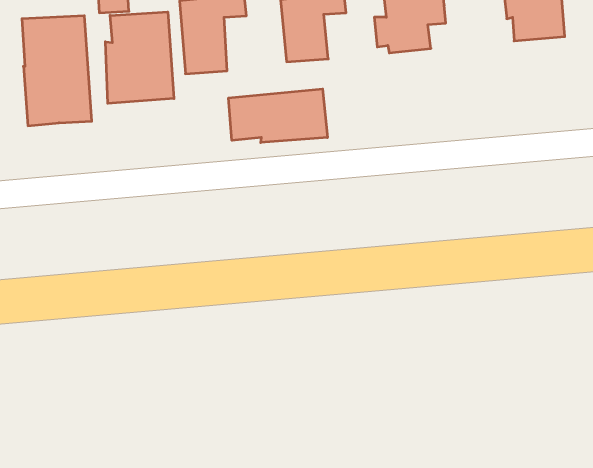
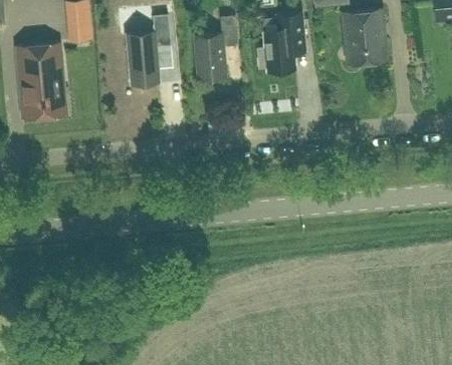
building: [105,12,174,103] -> none
building: [229,89,327,143] -> none

